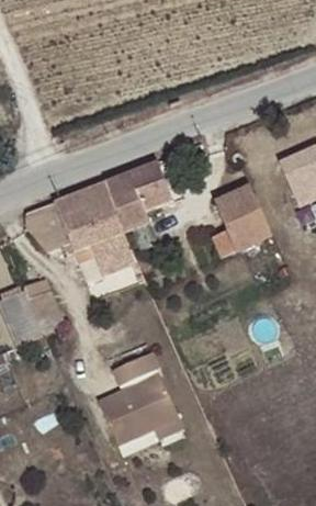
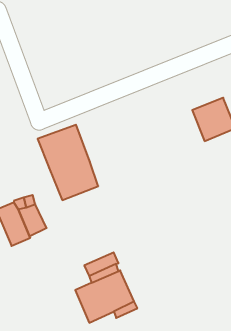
building: [104,160,171,230] -> none
building: [208,185,271,258] -> none
building: [21,200,68,247] -> none

